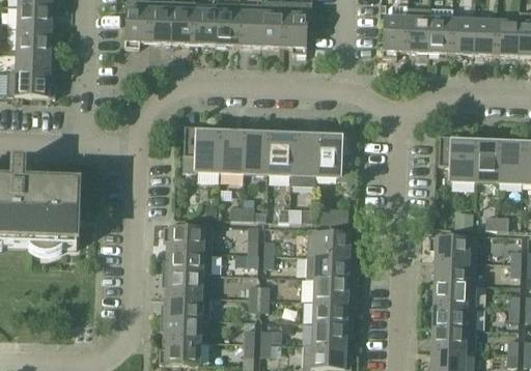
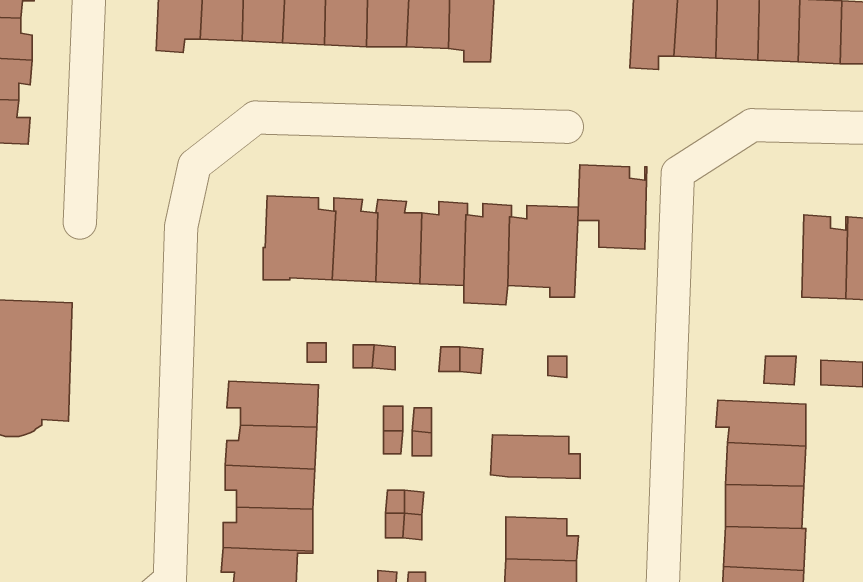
building: [439,136,476,181] -> [578,165,647,249]
building: [307,229,357,257] -> none
building: [314,279,355,302] -> none

